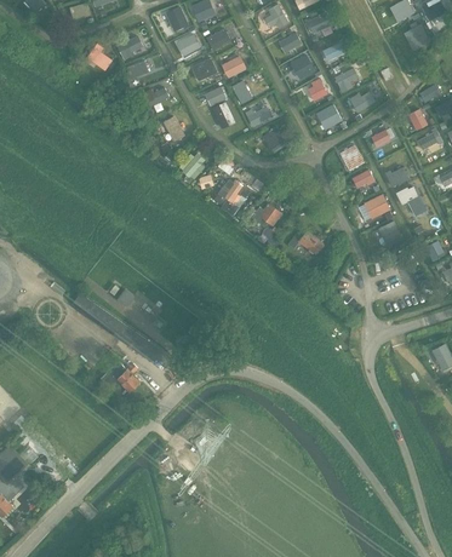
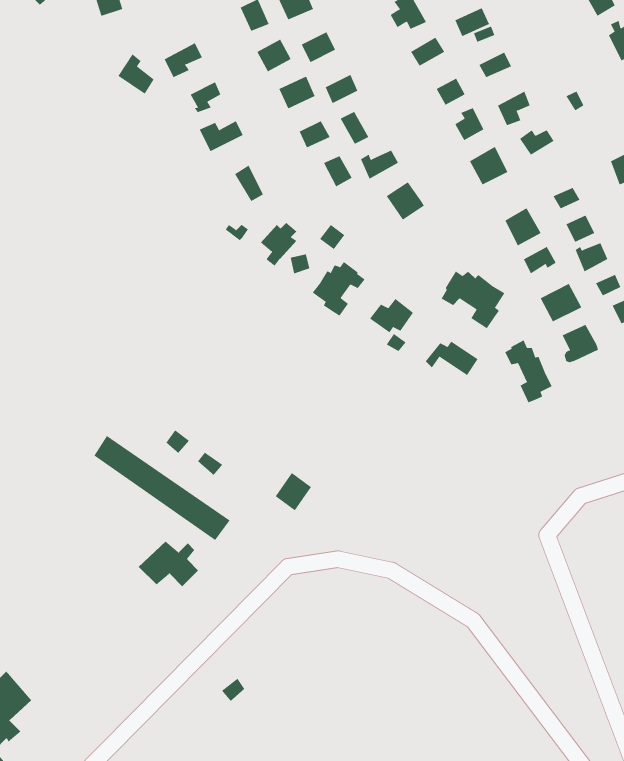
building: none -> [441,270,505,329]
building: none -> [504,339,553,403]

